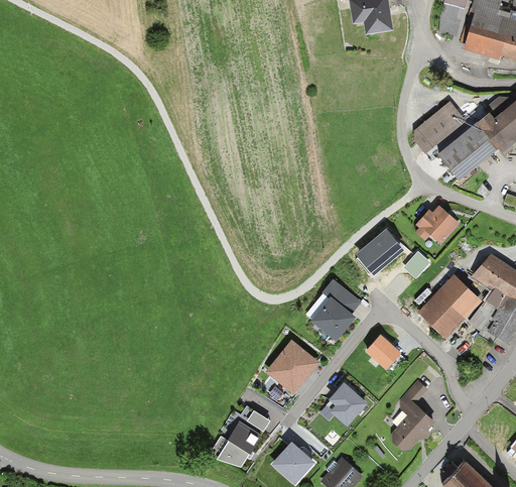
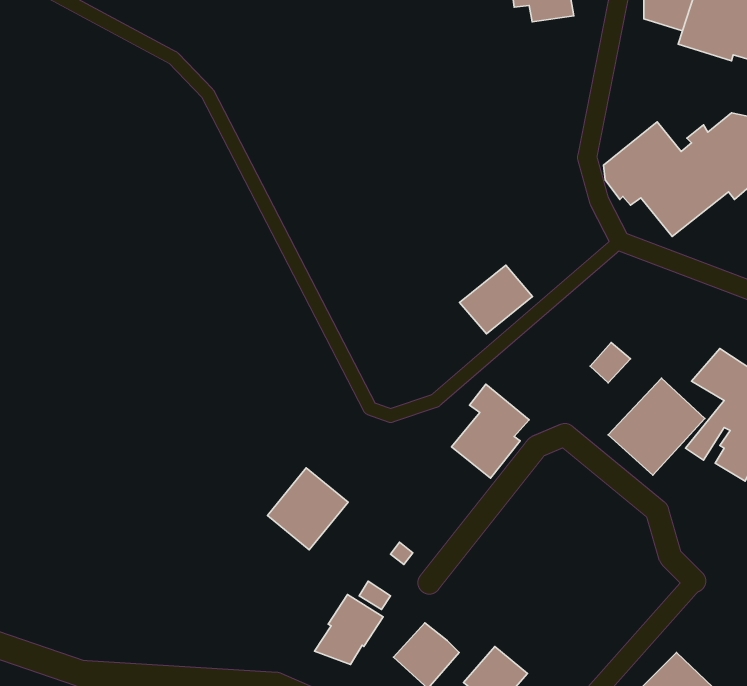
building: [415,206,459,243] -> none
building: [356,228,405,274] -> [460,265,533,334]
building: [366,335,402,371] -> none
building: [266,339,320,394] -> [268,468,348,550]
building: [390,379,433,449] -> none
building: [330,381,368,424] -> none

